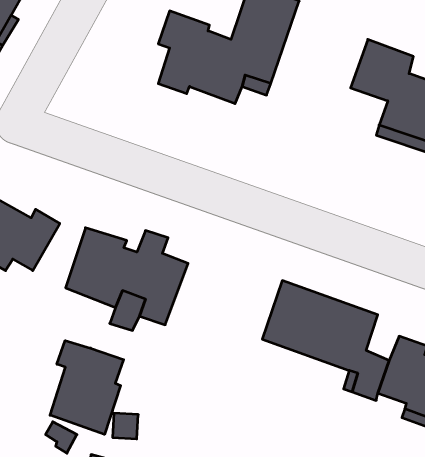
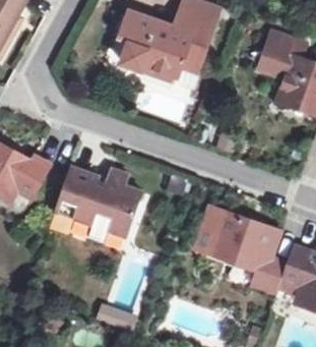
building: [50,341,124,434] -> none

